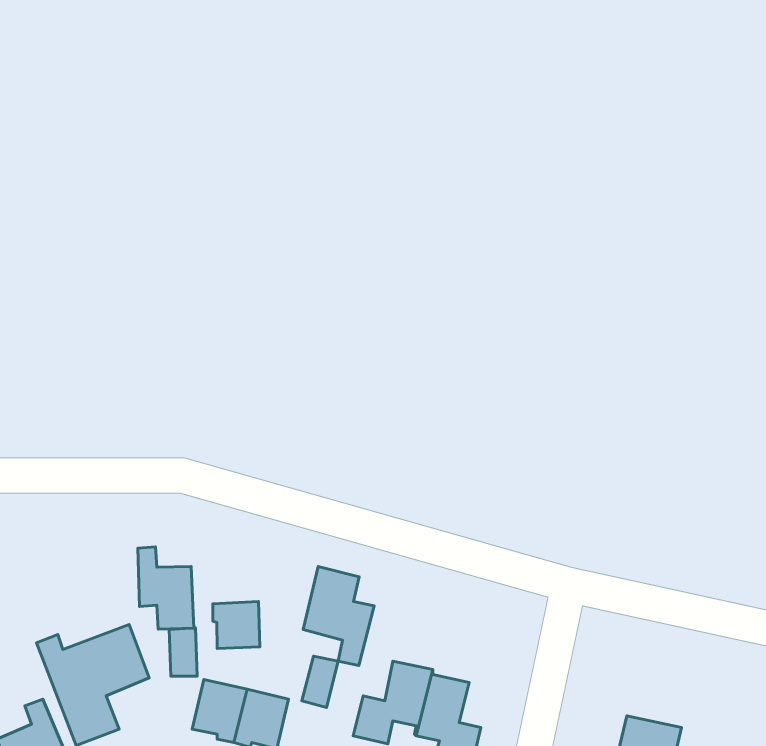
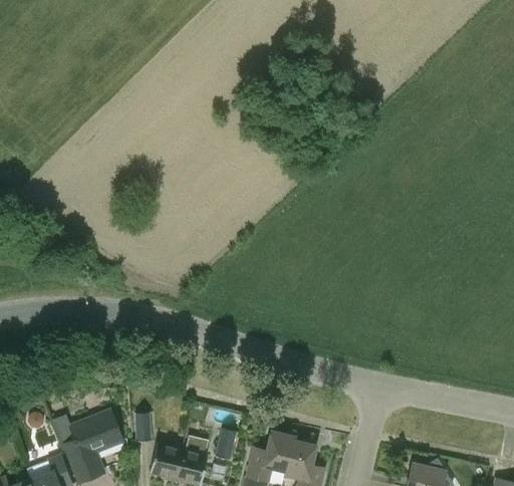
building: [138,547,194,629] -> none
building: [303,566,374,665] -> none
building: [213,602,260,648] -> none

